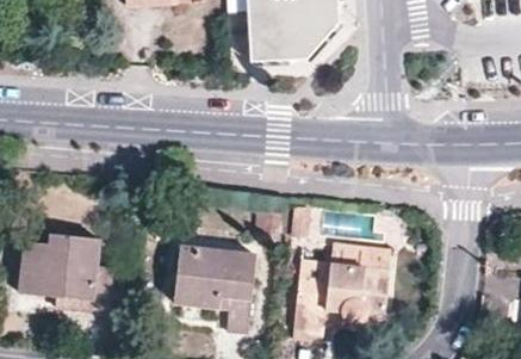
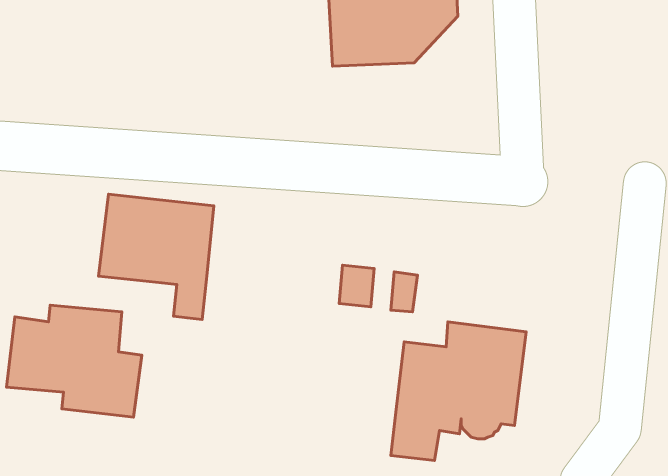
building: [174,243,256,333] -> [98,194,214,319]

